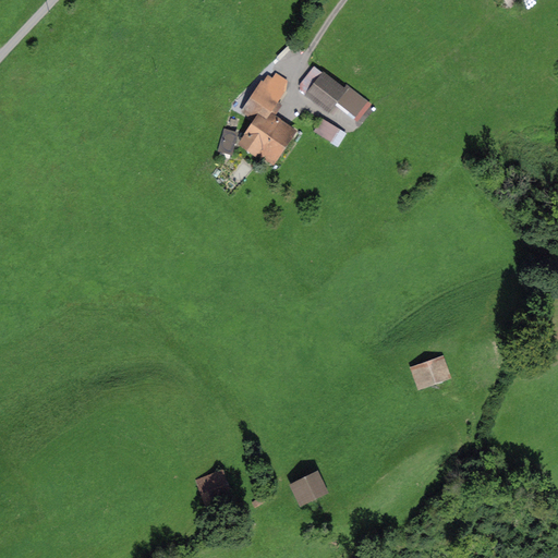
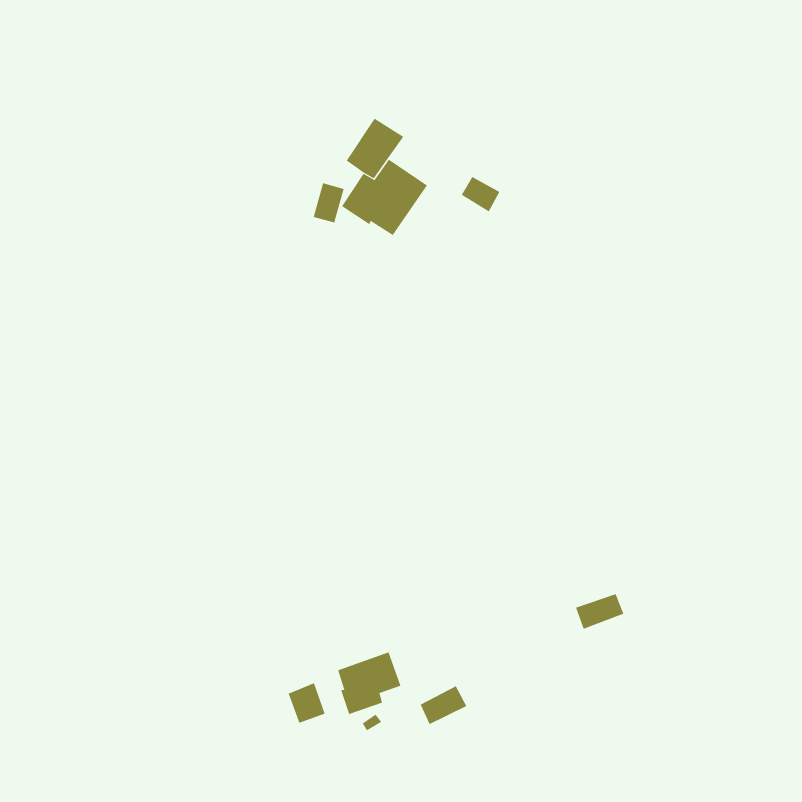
building: [298,65,372,122] -> none
building: [411,361,445,386] -> [575,593,624,630]
building: none -> [337,652,401,715]

